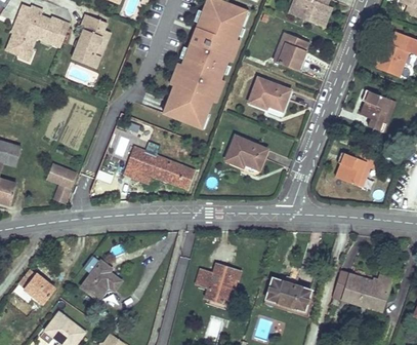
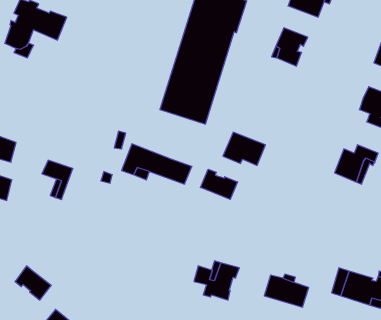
building: [72,13,107,67] -> none
building: [248,78,289,111] -> none
building: none -> [200,169,237,199]
building: [81,261,120,299] -> none

